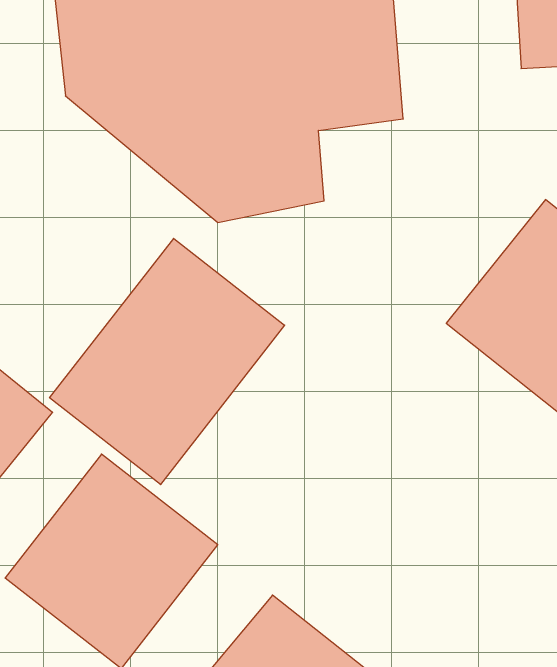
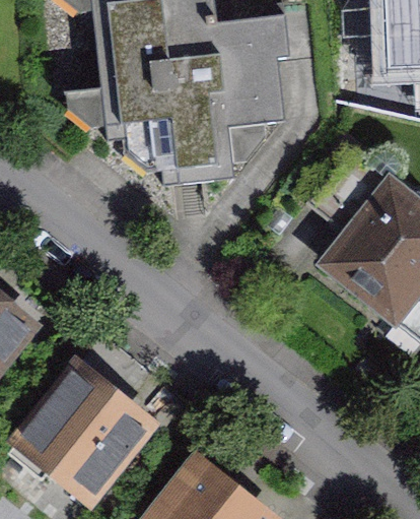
building: [50,238,285,485] -> none

